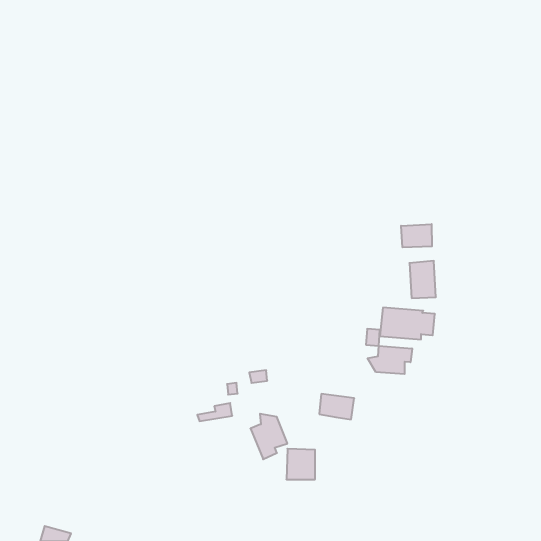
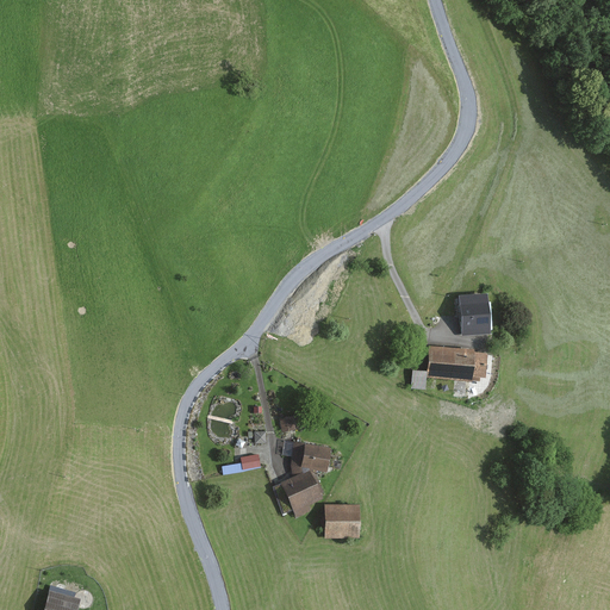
building: [401,224,432,247] -> none
building: [368,346,412,374] -> none
building: [319,394,354,419] -> [293,442,332,471]

